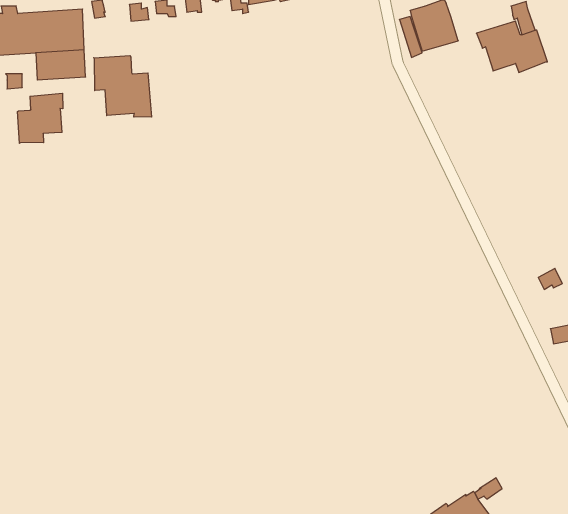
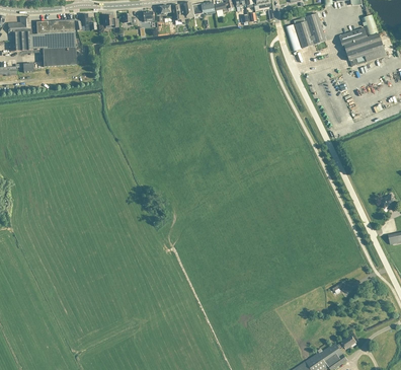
building: [94,56,152,117] -> none
building: [17,93,63,143] -> none

